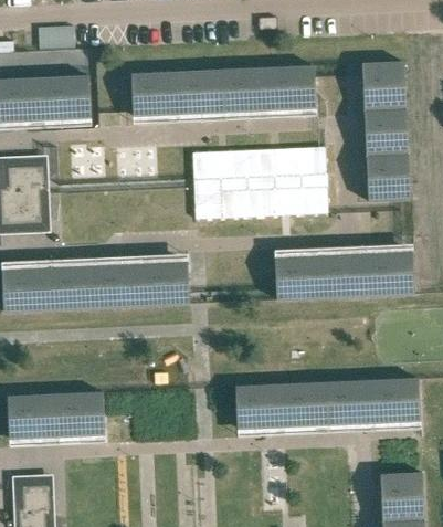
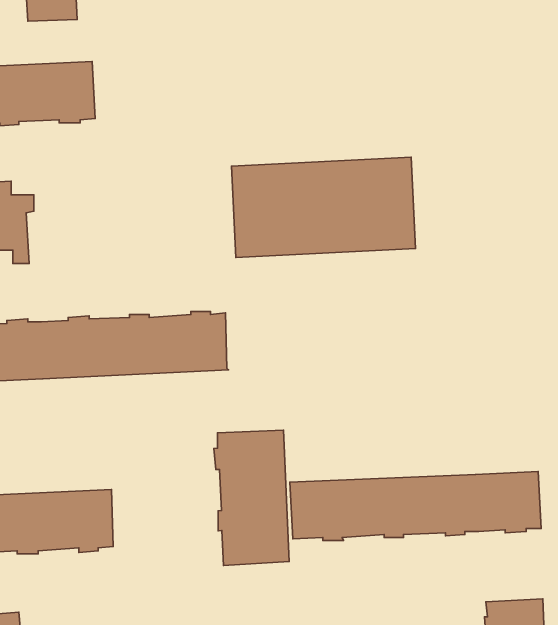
building: [361,62,411,202] -> none
building: [131,66,316,118] -> none
building: [275,251,415,301] -> none
building: none -> [214,430,289,566]

